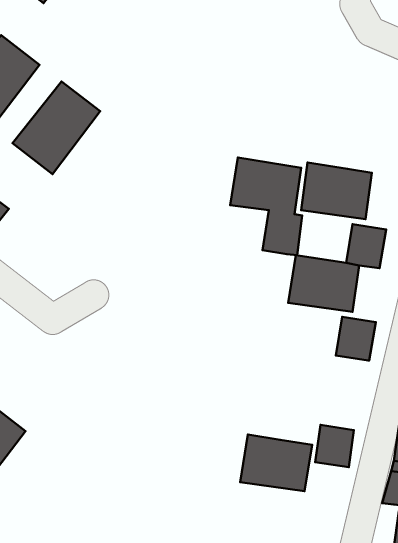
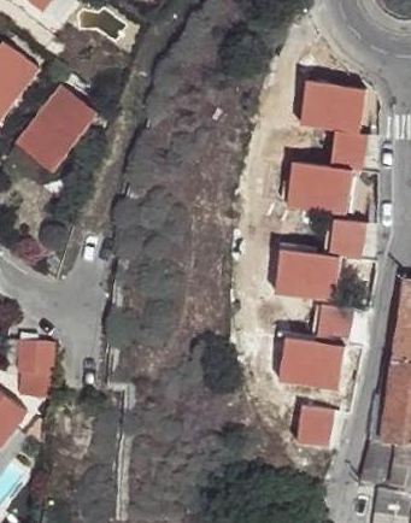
building: [230,158,302,255] -> [298,80,365,171]
building: none -> [17,339,54,374]
building: [240,435,312,491] -> [280,336,347,389]

